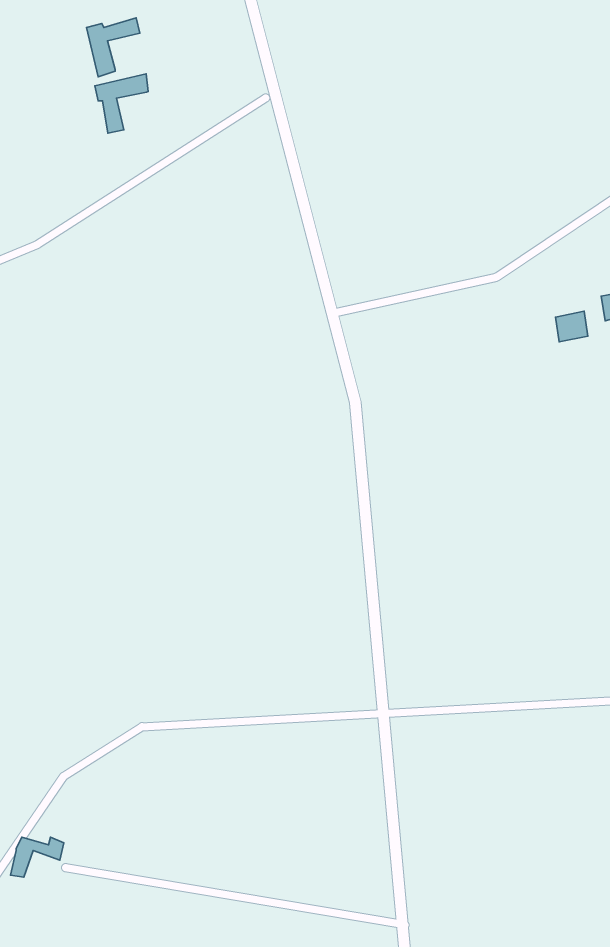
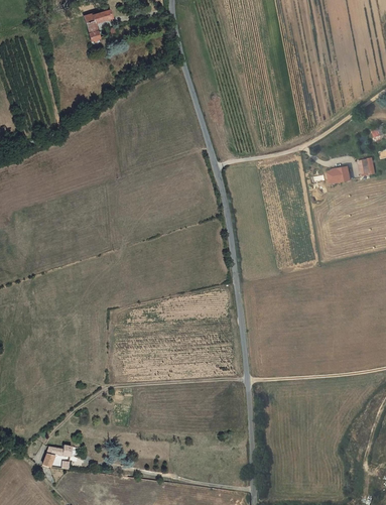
building: [95,74,148,133] -> none

